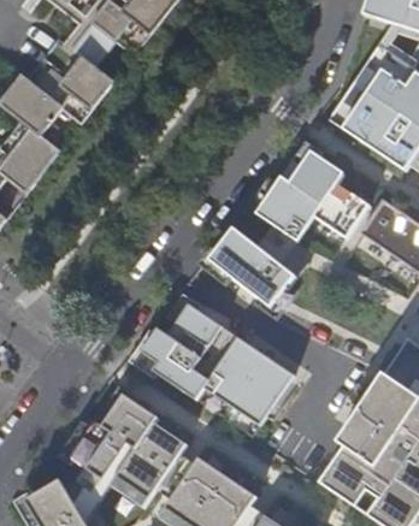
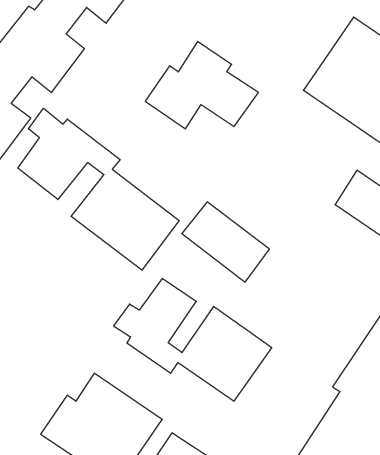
building: none -> [18,108,179,270]
building: [258,153,370,240] -> [145,41,258,129]

